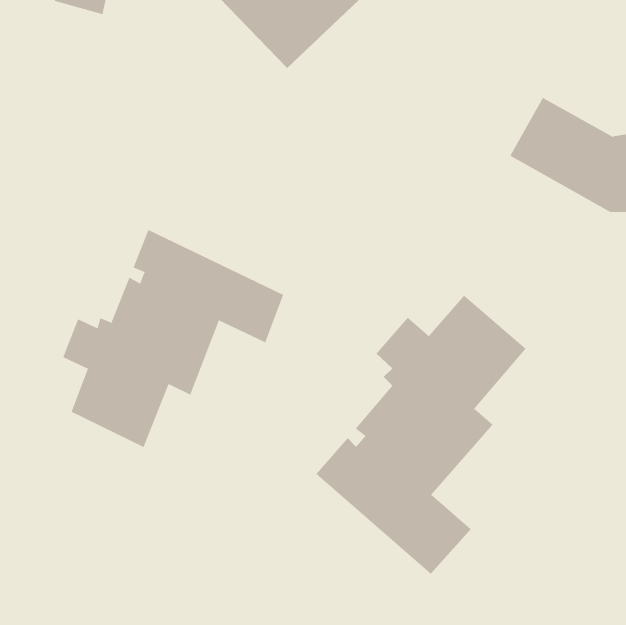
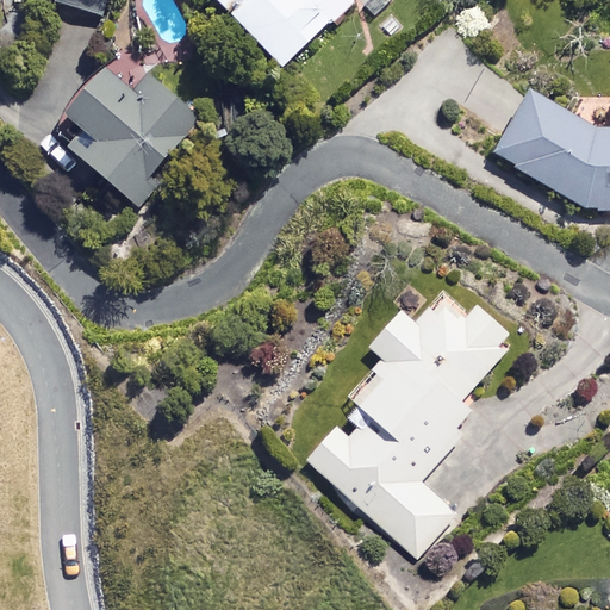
building: none -> [62,69,204,205]
building: [63,229,284,448] -> none

